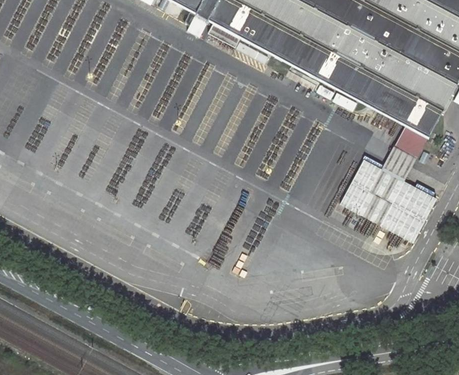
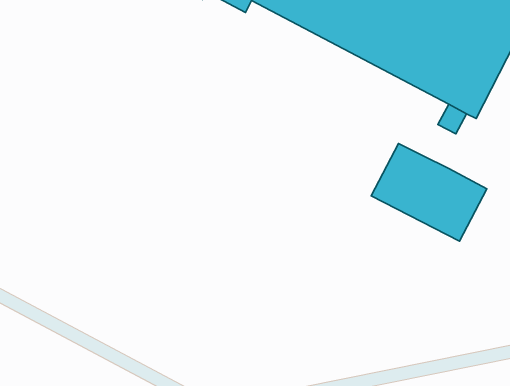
building: [384,142,419,179] -> none

